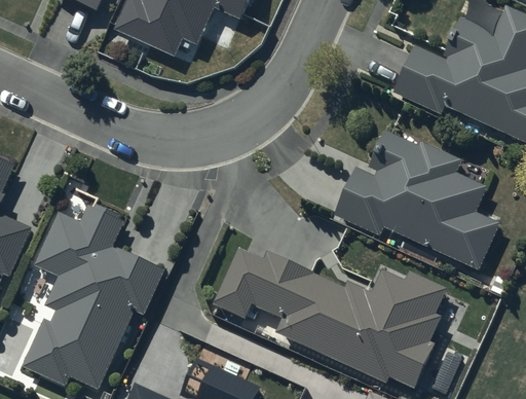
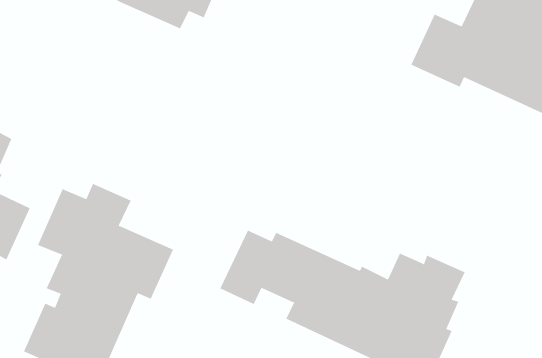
building: [332,130,496,269] -> none

